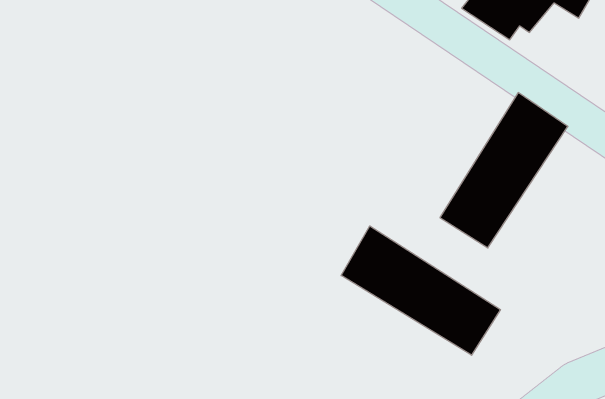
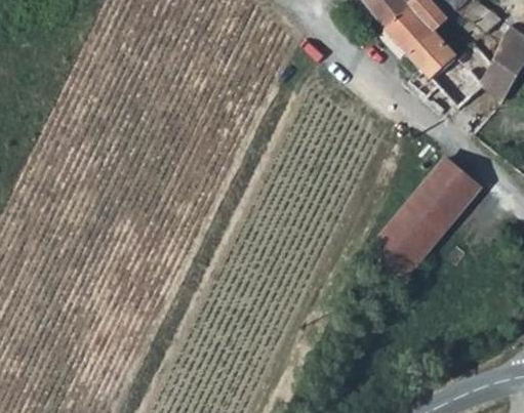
building: [341,226,500,355] -> none

